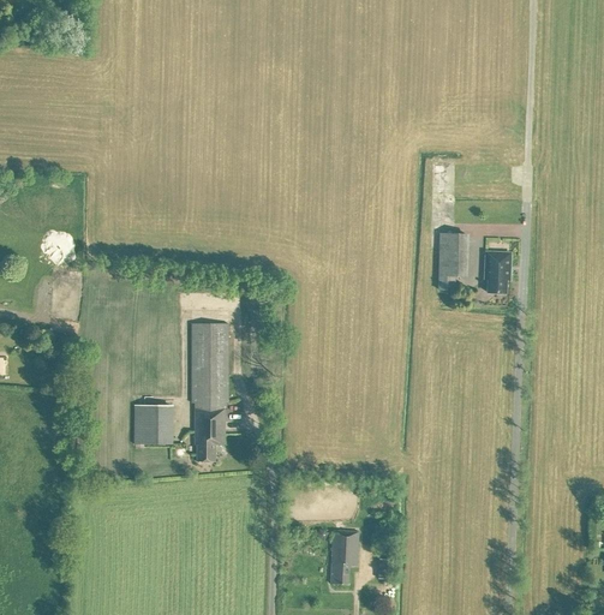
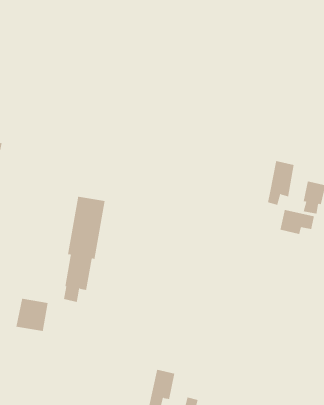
building: none -> [280,209,314,235]
building: [133,405,171,443] -> [16,298,49,332]

